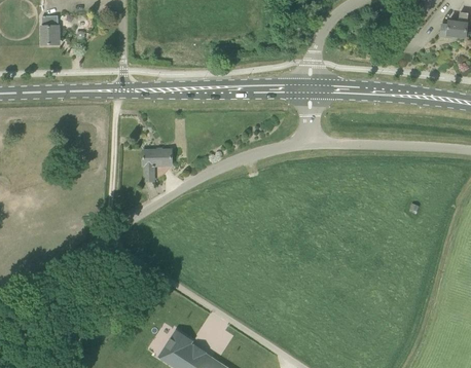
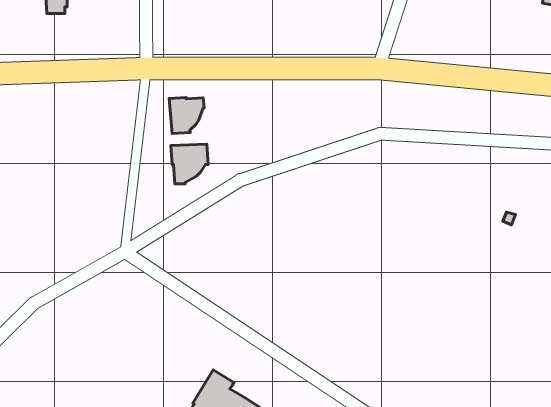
building: none -> [169,98,204,134]

